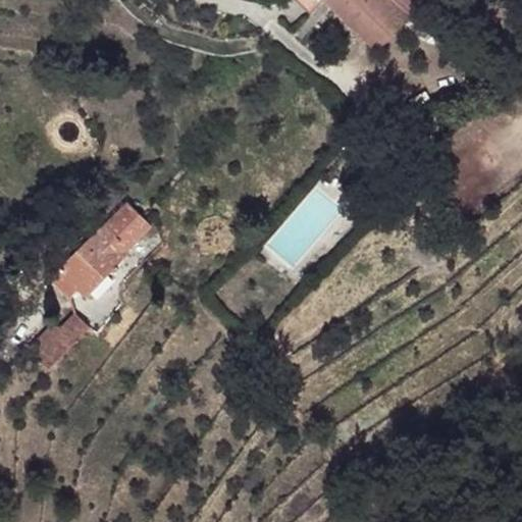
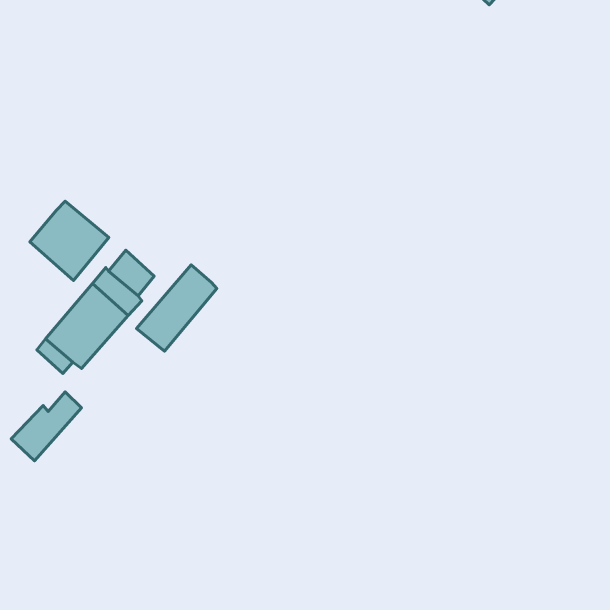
building: none -> [30,201,109,280]
building: none -> [137,265,217,351]

